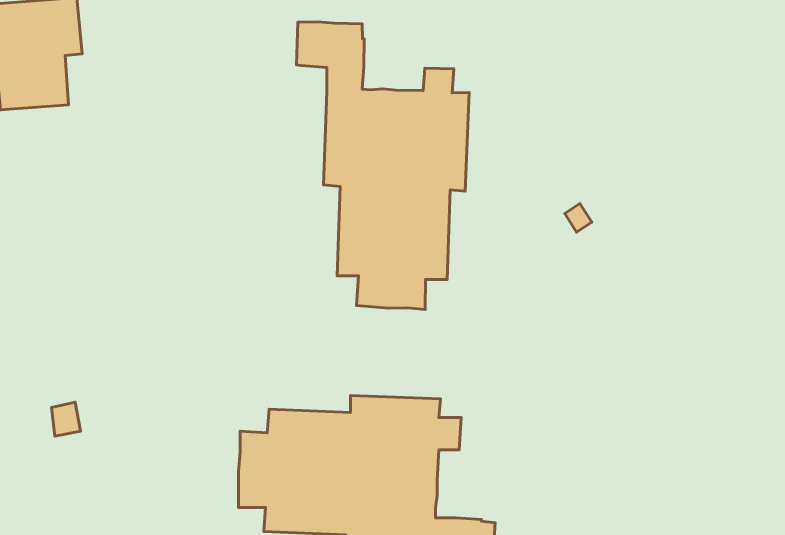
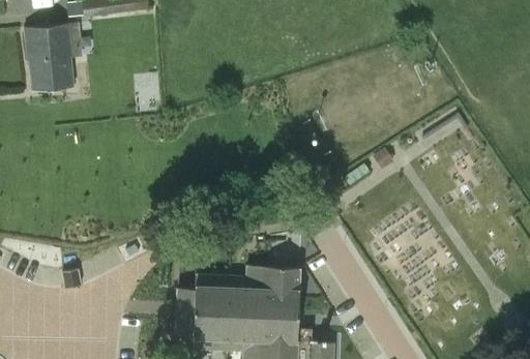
building: [297,22,469,309] -> none

